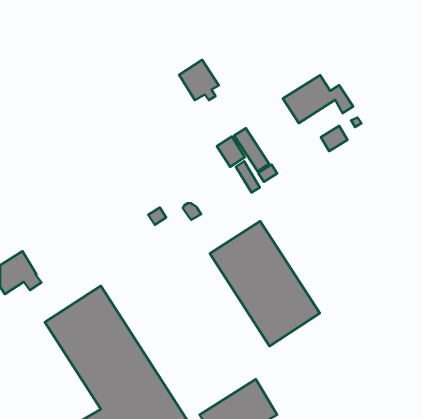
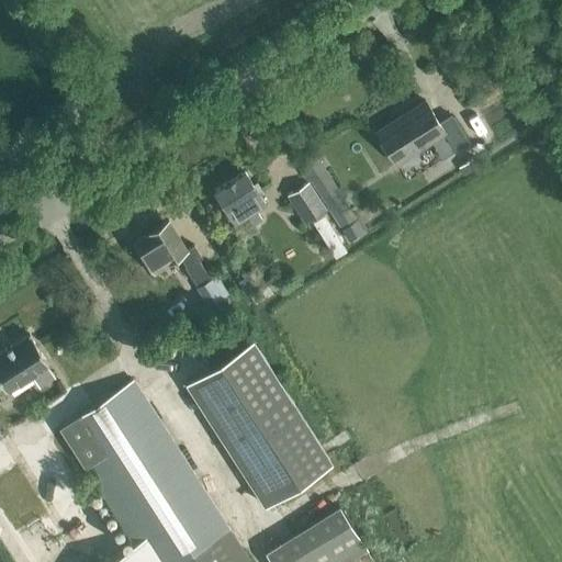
building: [179,60,219,100] -> [215,175,268,228]
building: [321,126,348,151] -> none
building: none -> [134,223,209,286]
building: [210,221,320,346] -> [187,344,333,509]

